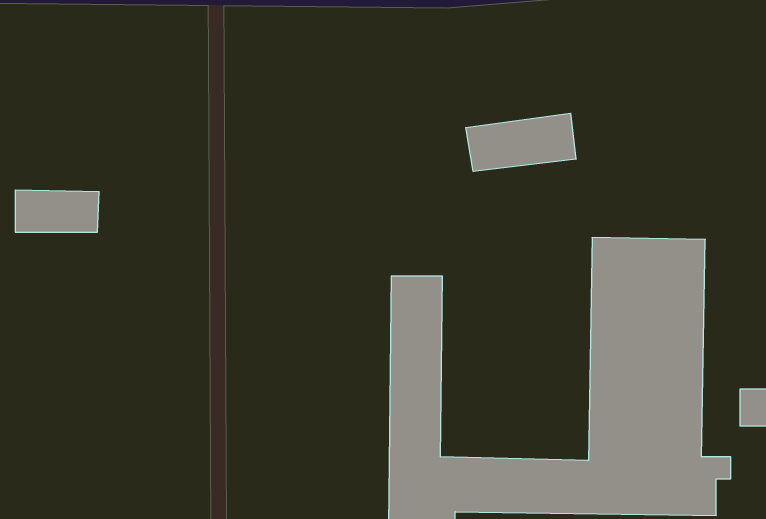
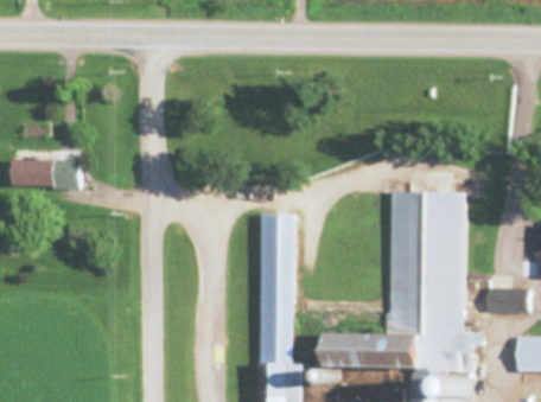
building: [466,113,576,171] -> none

